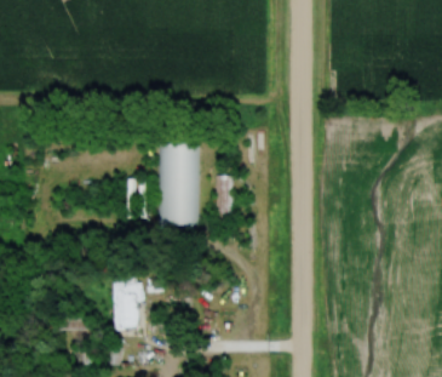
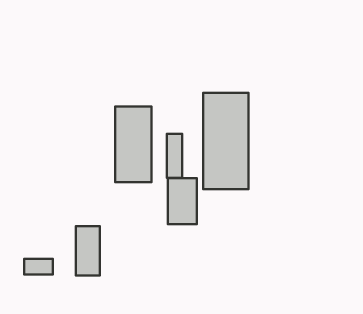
building: none -> [203,93,249,189]
building: none -> [168,178,197,224]

